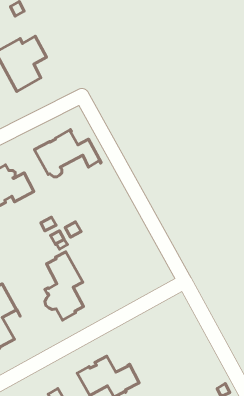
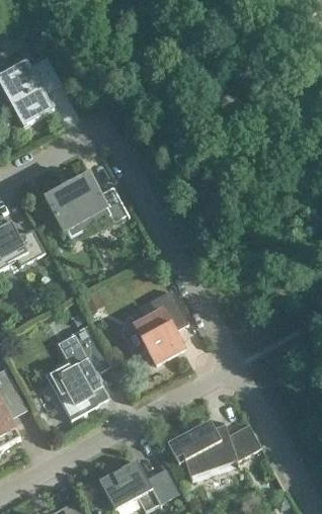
building: none -> [123,289,188,364]
building: none -> [167,420,261,480]

